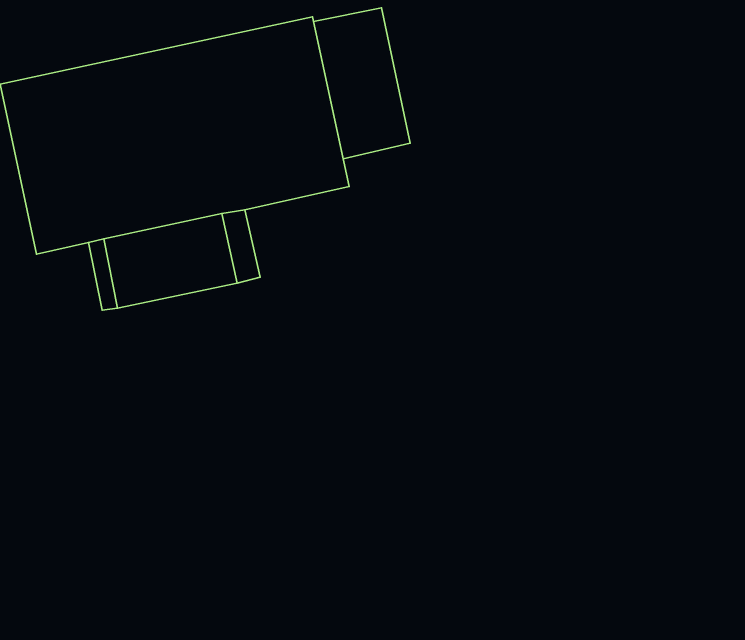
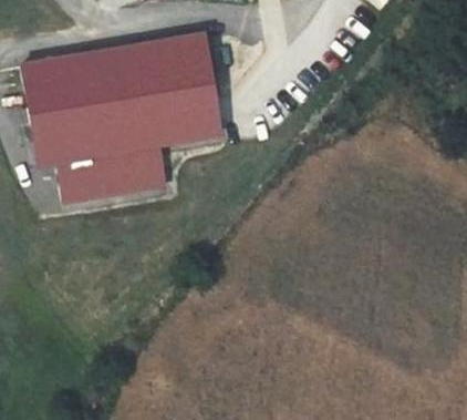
building: [313,8,410,159] -> none

